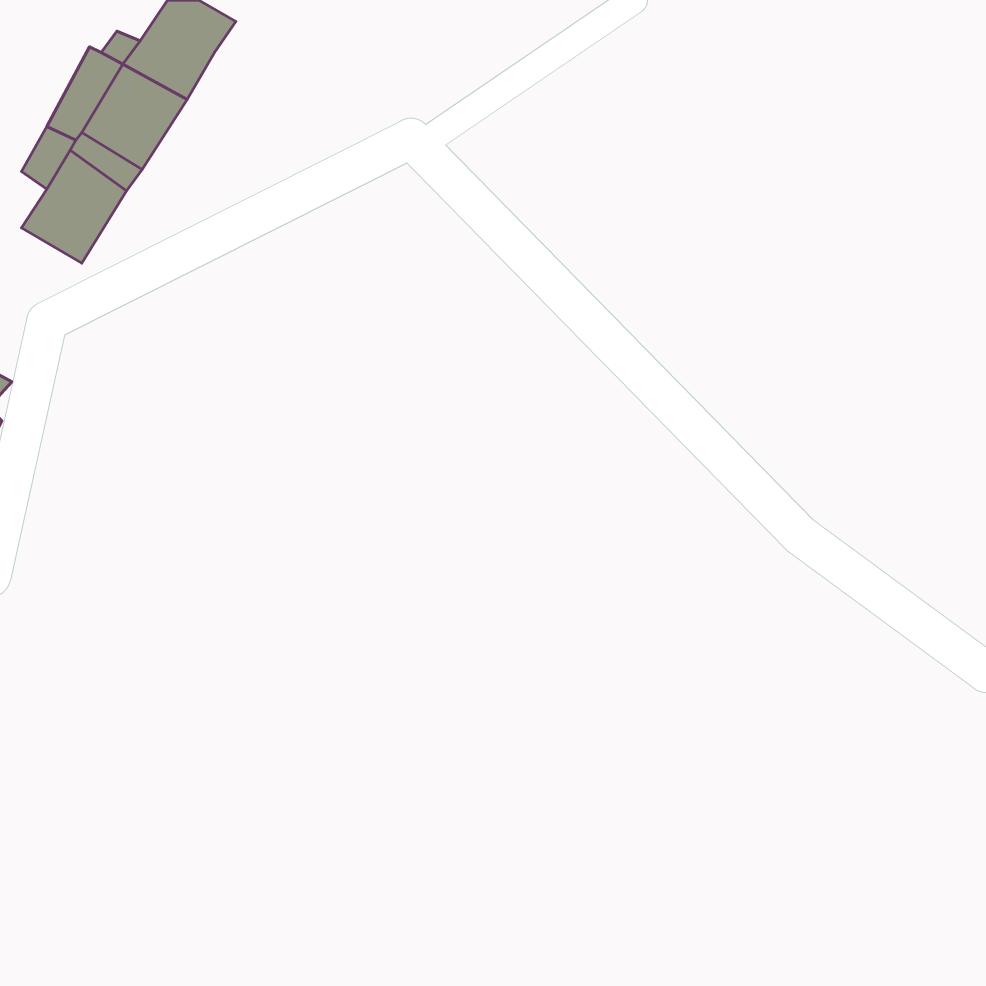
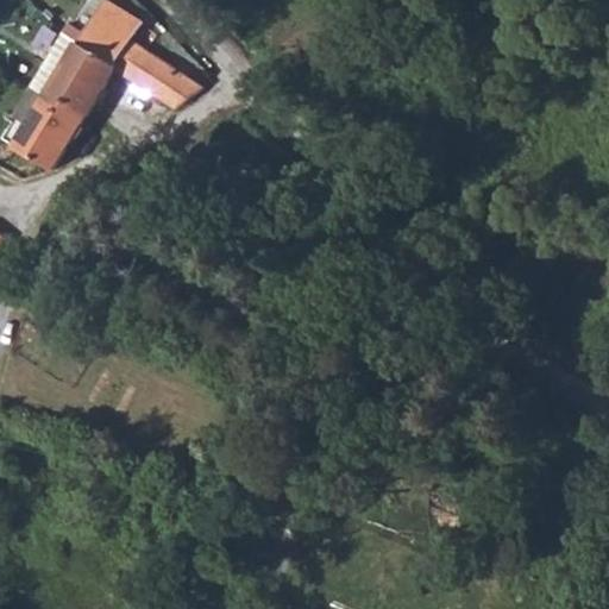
building: none -> [114,38,201,106]

